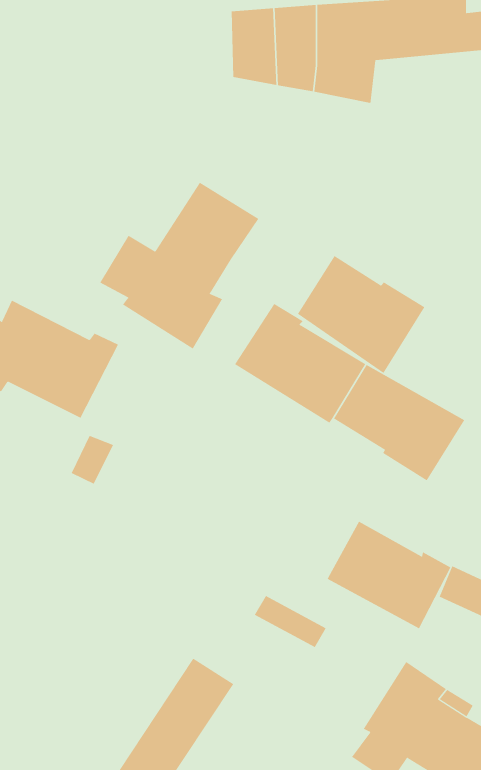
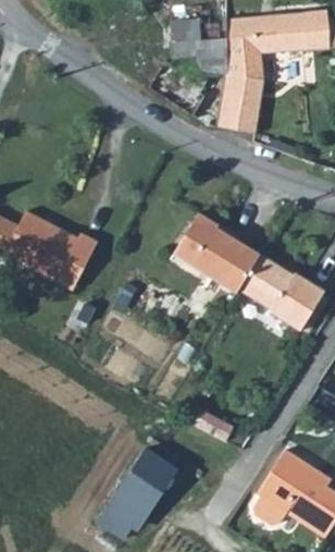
building: none -> [218,74,262,133]
building: [99,182,259,350] -> none
building: [297,255,425,374] -> none
building: [327,521,451,629] -> none

